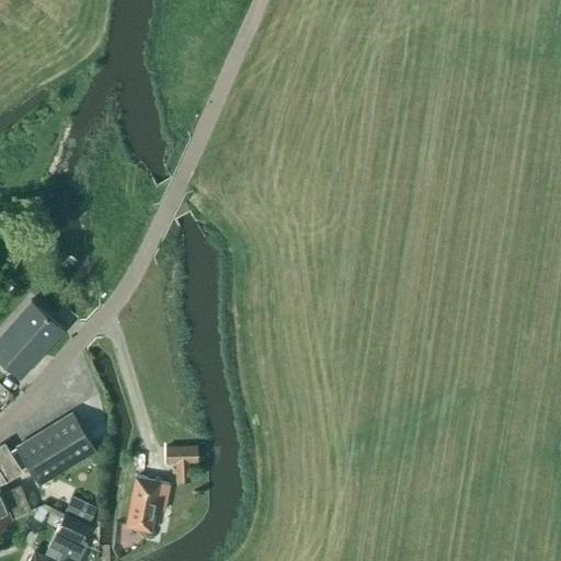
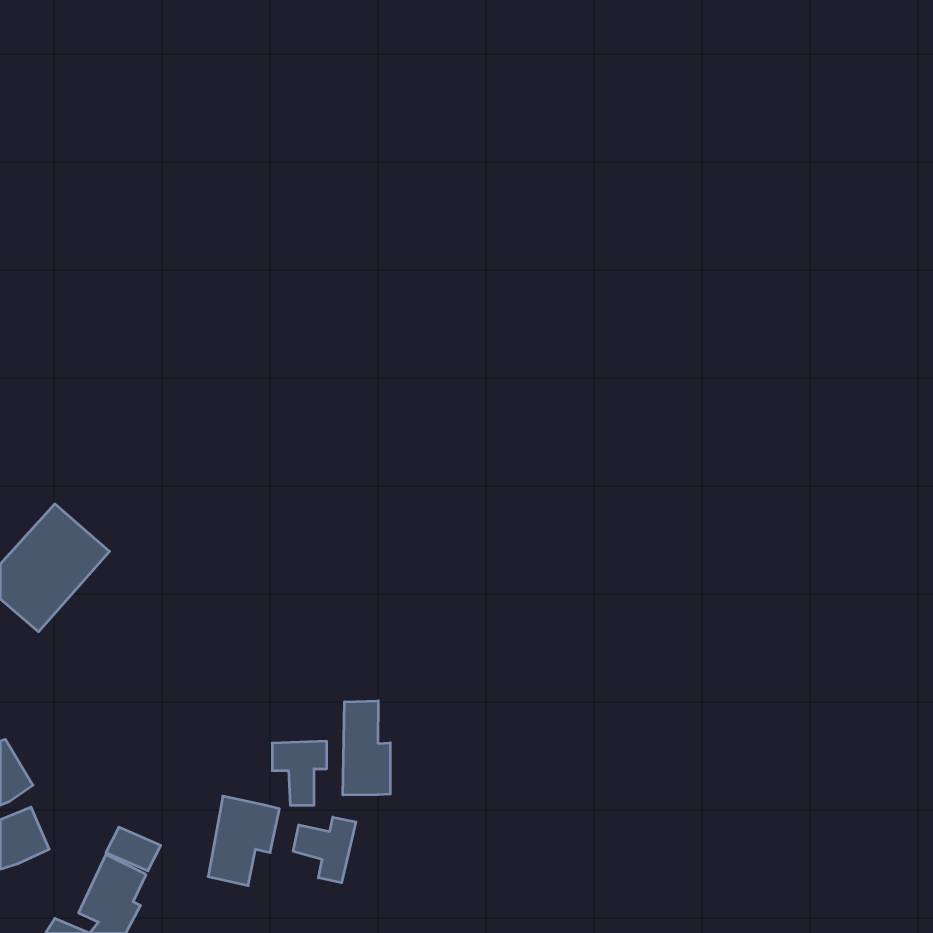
building: [15,414,93,485] -> none
building: none -> [343,701,390,795]
building: none -> [293,817,356,883]

